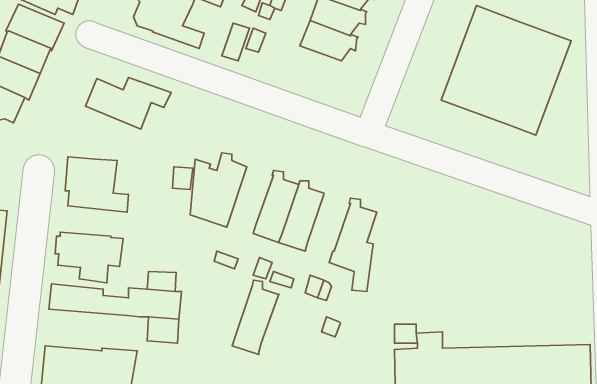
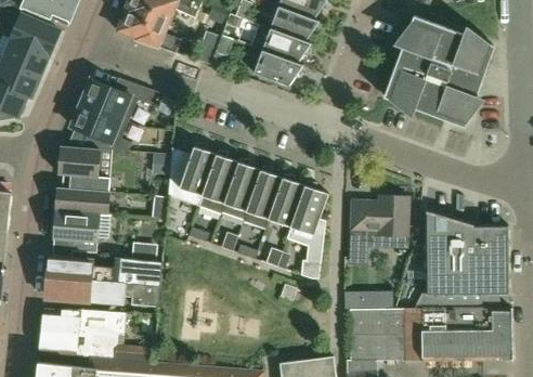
building: none -> [252,50,302,86]
building: none -> [67,102,129,150]
building: none -> [268,173,304,226]
building: none -> [55,186,113,216]
building: none -> [347,194,407,263]
building: none -> [418,211,508,308]
building: [232,280,279,355] -> [198,150,238,213]
building: none -> [43,276,124,303]

